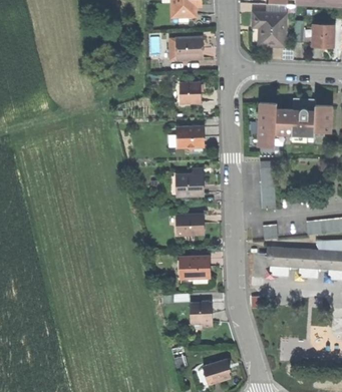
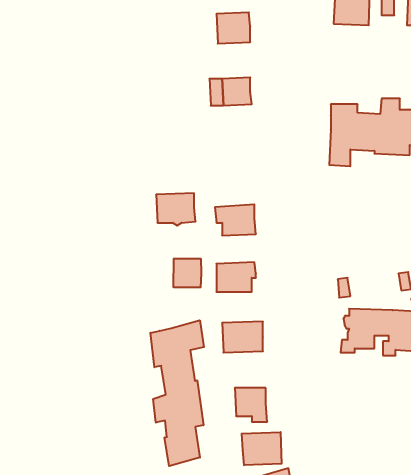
building: [177,127,205,150] -> [156,193,196,226]
building: none -> [174,259,201,287]
building: none -> [150,320,204,466]
building: none -> [242,432,282,465]

